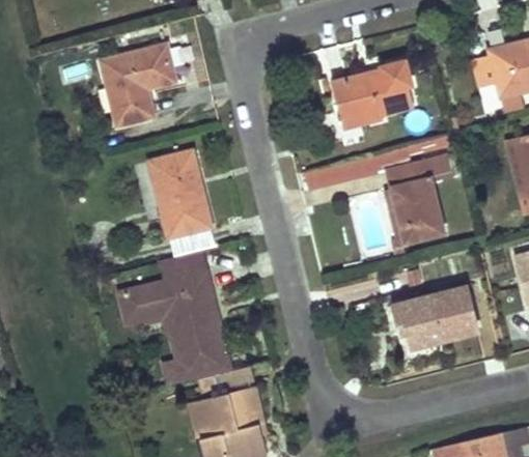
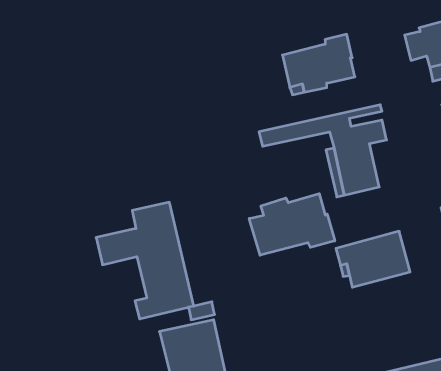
building: [101,46,174,123] -> none
building: [149,151,212,236] -> none
building: none -> [249,194,335,255]

